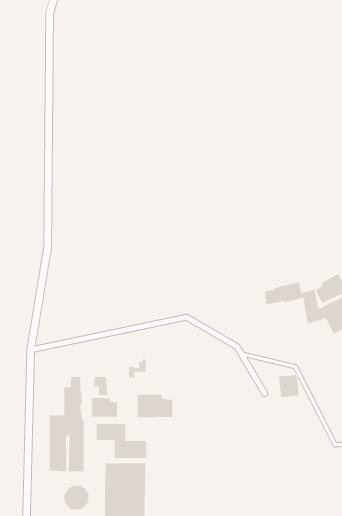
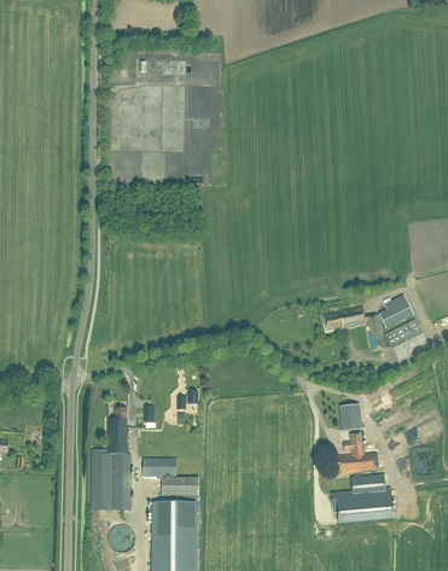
building: [137,394,173,418] -> none
building: [91,397,117,418] -> none
building: none -> [331,432,392,523]

